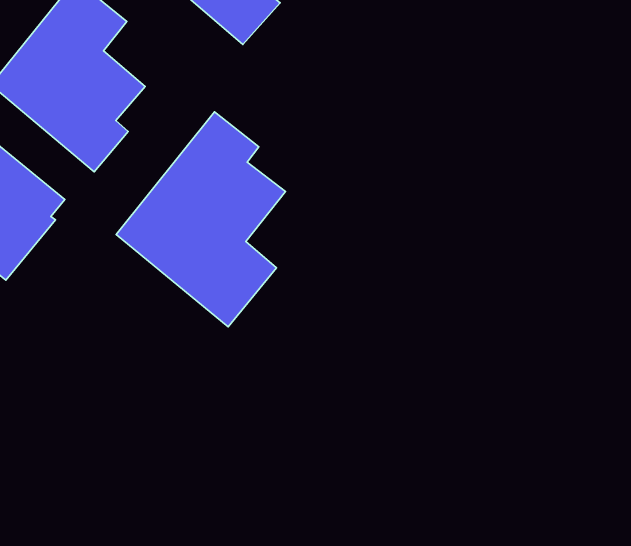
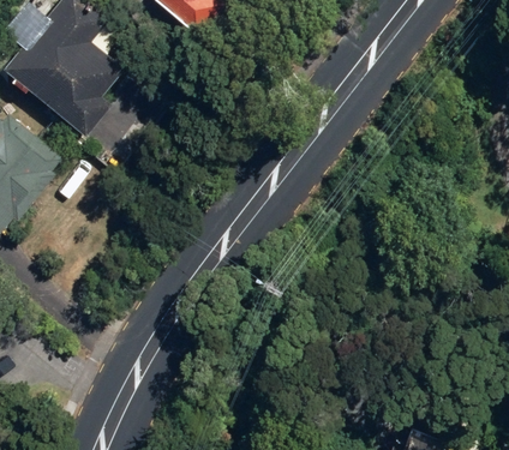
building: [116,112,285,327] -> none

